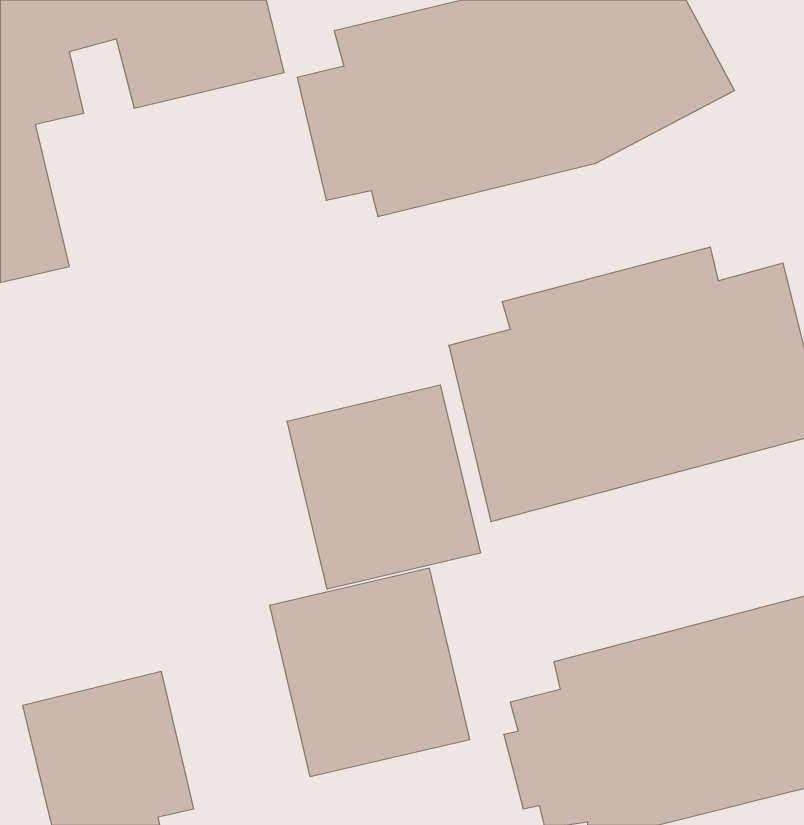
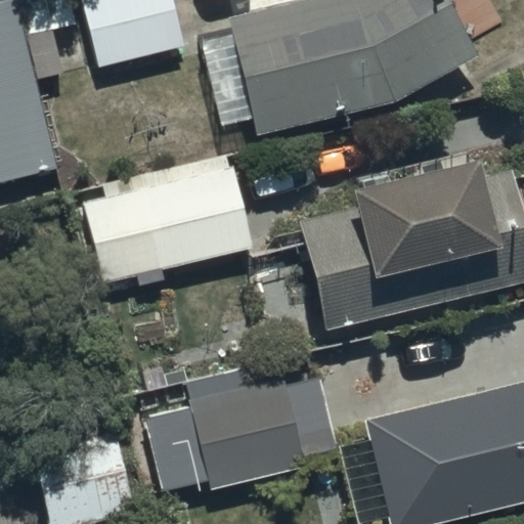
building: none -> [78,155,253,286]
building: [287,385,480,589] -> none

